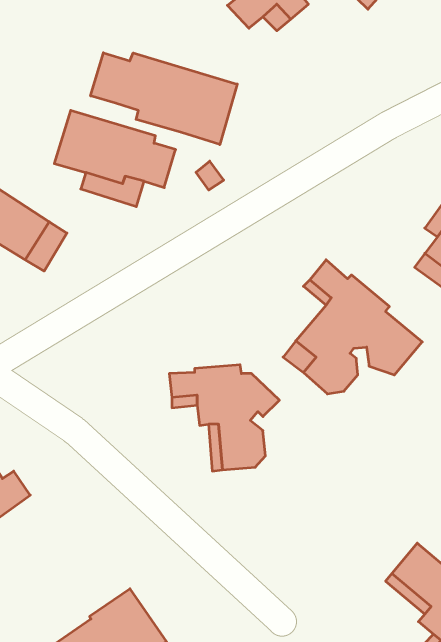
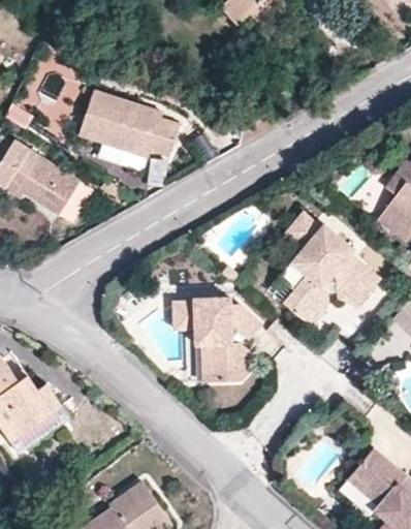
building: [91,53,237,145] -> none

